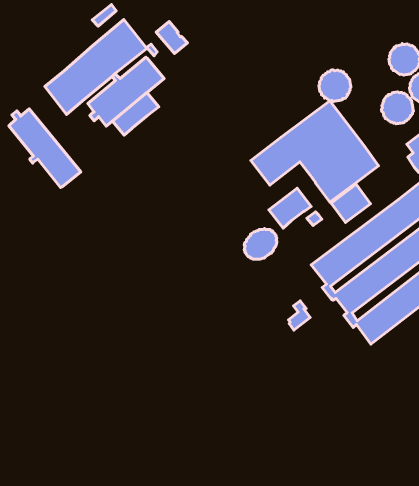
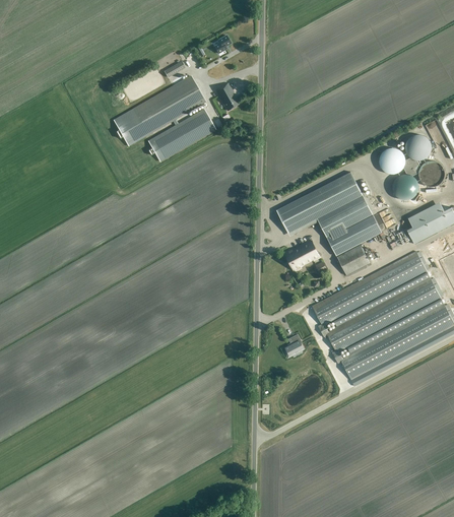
building: [319,70,351,101] -> [379,147,405,174]
building: [112,93,159,135] -> none
building: [9,109,81,188] -> none
building: [244,228,277,259] -> none

